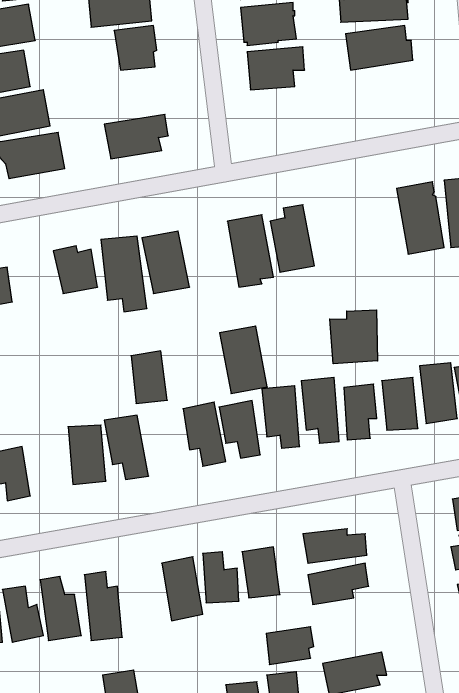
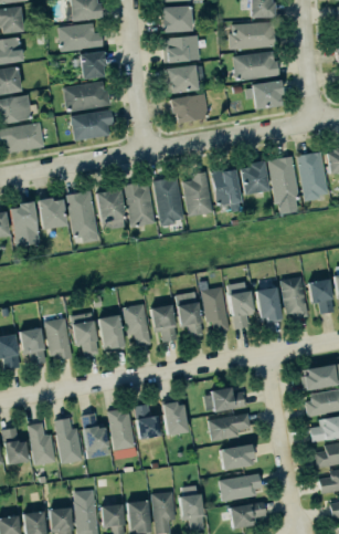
building: none -> [251,81,283,111]
building: none -> [66,83,110,111]
building: none -> [173,95,210,123]
building: none -> [241,163,269,195]
building: none -> [211,167,241,206]
building: none -> [10,203,40,248]
building: [330,310,378,364] -> none
building: [220,326,267,394] -> [125,182,157,228]
building: [131,351,167,403] -> [100,315,125,350]
building: none -> [18,326,45,363]
building: none -> [80,412,107,450]
building: [266,627,314,665] -> [220,443,252,469]

